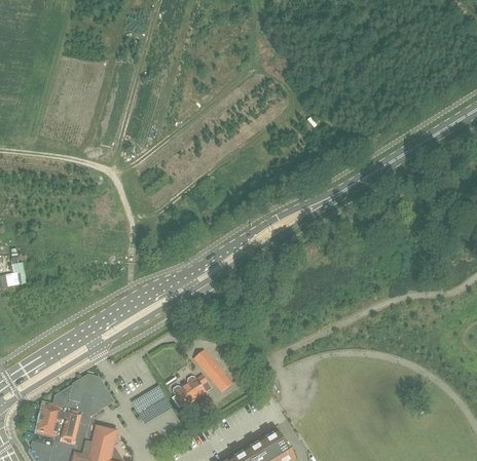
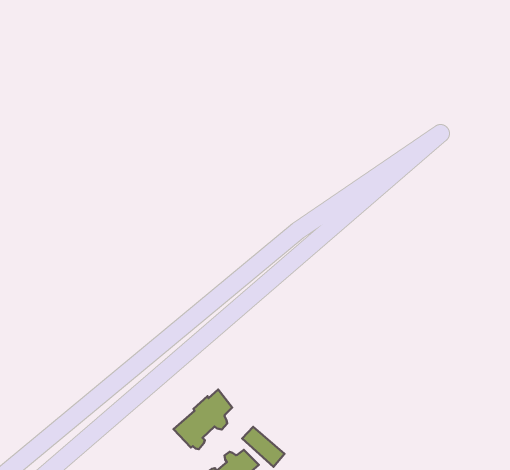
building: none -> [173,390,232,449]

